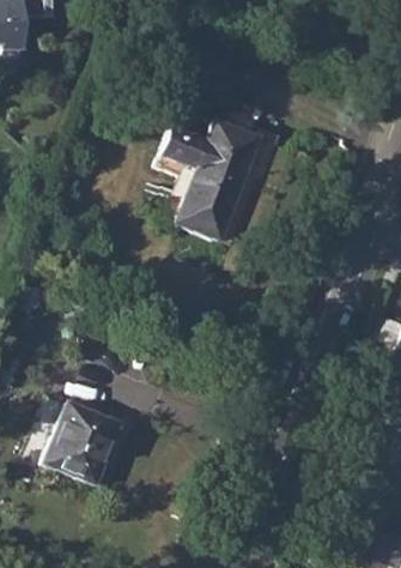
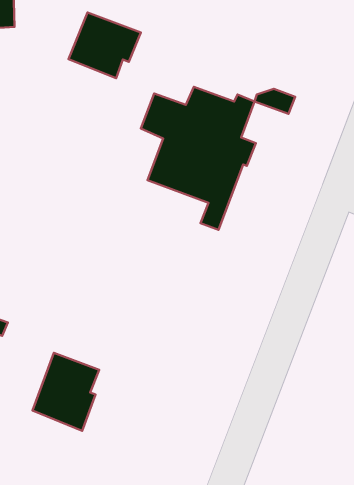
building: none -> [69,12,141,78]

